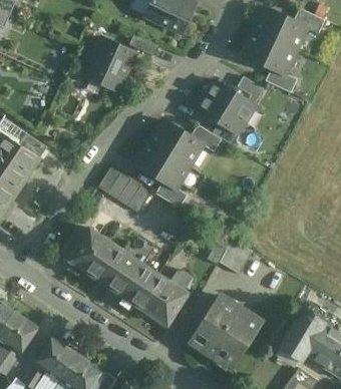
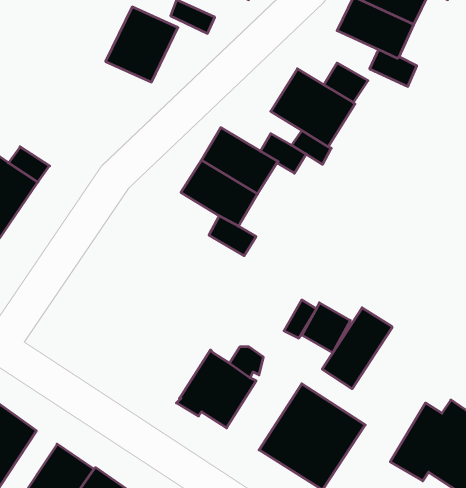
building: [97,167,150,214] -> none
building: [69,229,156,306] -> none
building: none -> [322,308,392,389]

